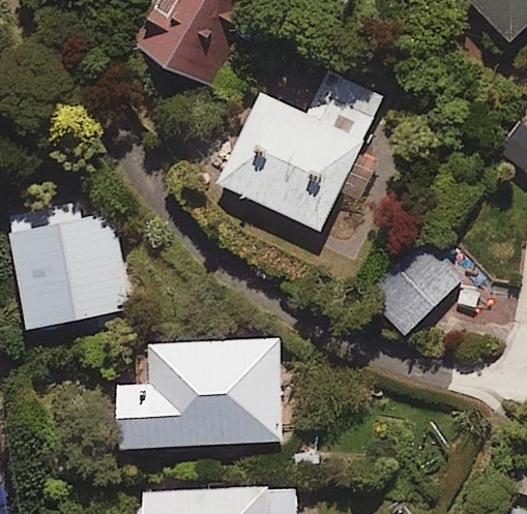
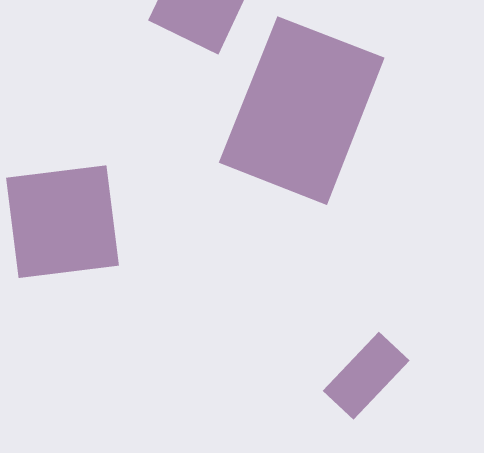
building: [376,260,463,347] -> [322,331,410,420]
building: [117,335,277,431] -> none

